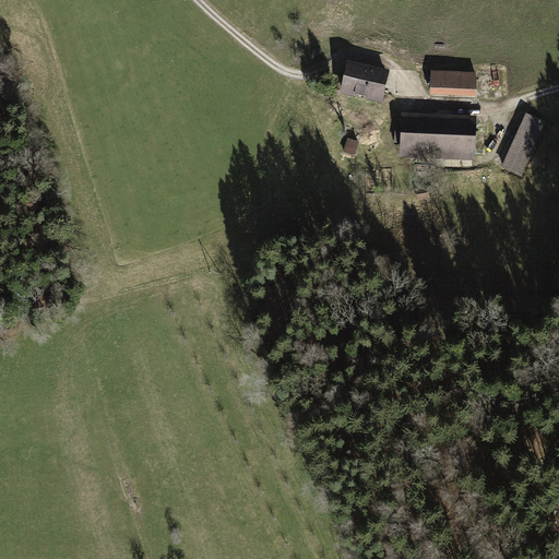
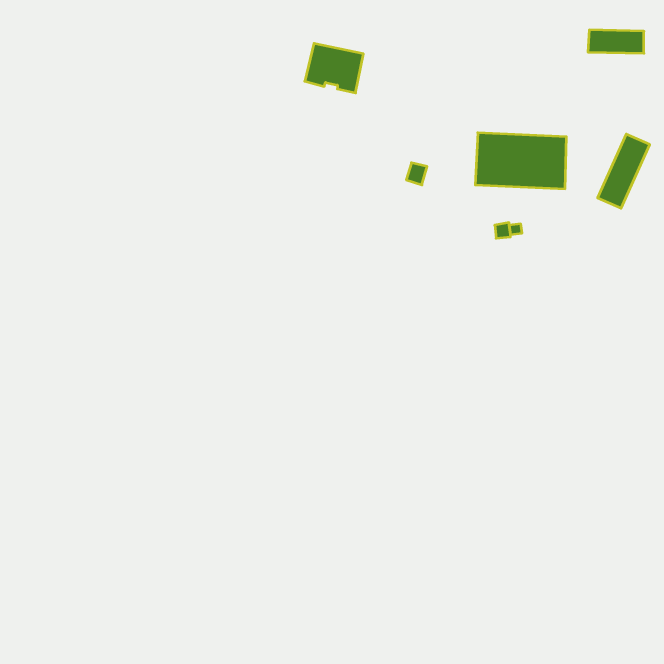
building: [337,60,386,102] -> [305,43,363,93]
building: [430,73,477,93] -> [588,30,644,53]

